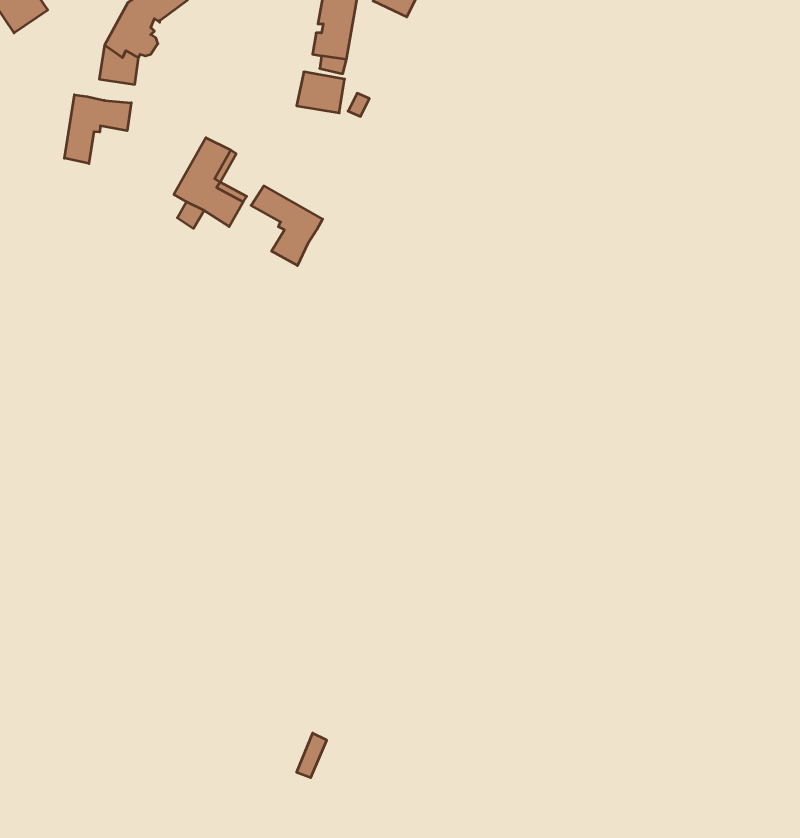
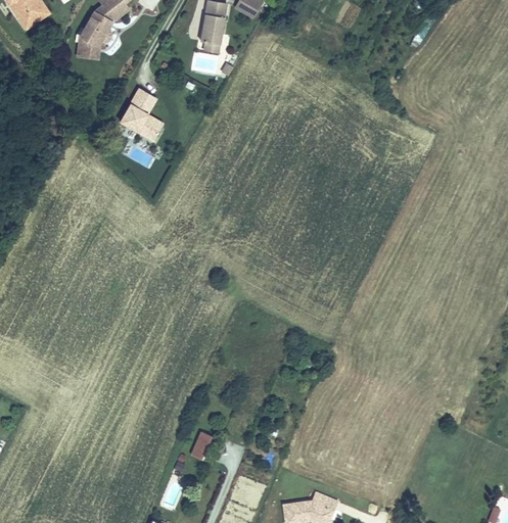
building: [64,95,131,164] -> none
building: [251,186,323,266] -> none

